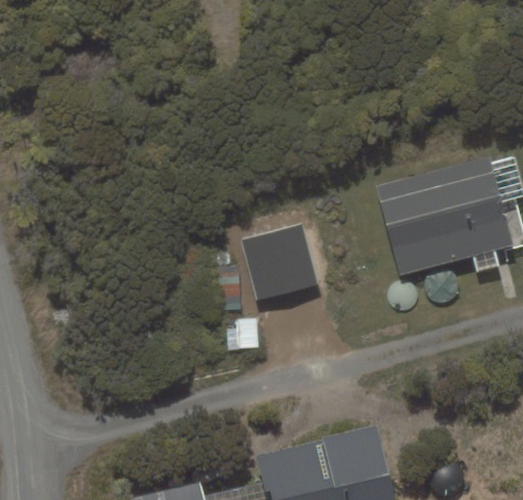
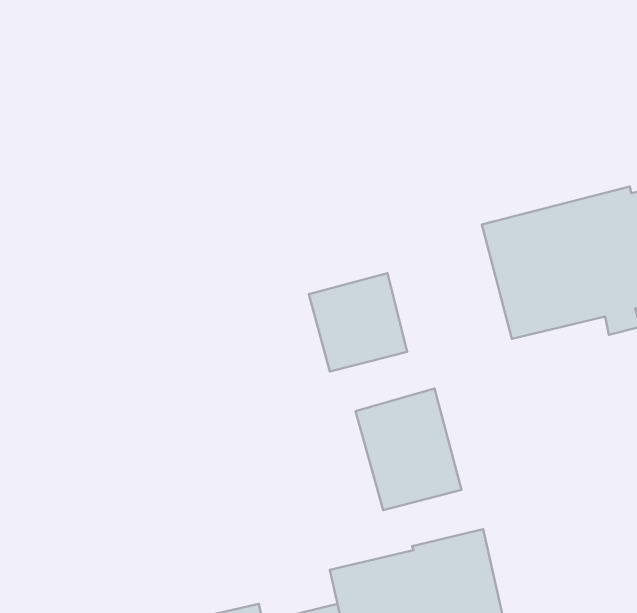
building: none -> [356,388,462,510]

